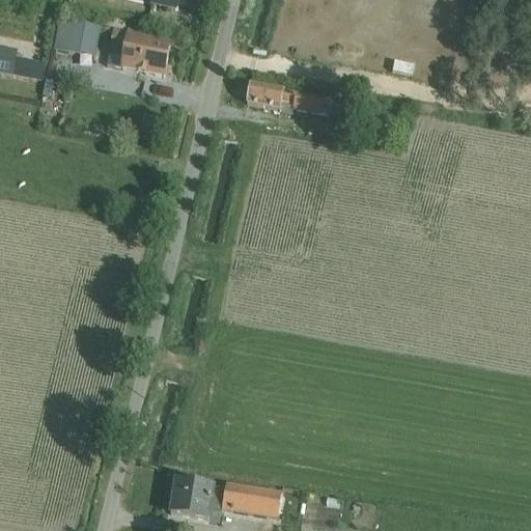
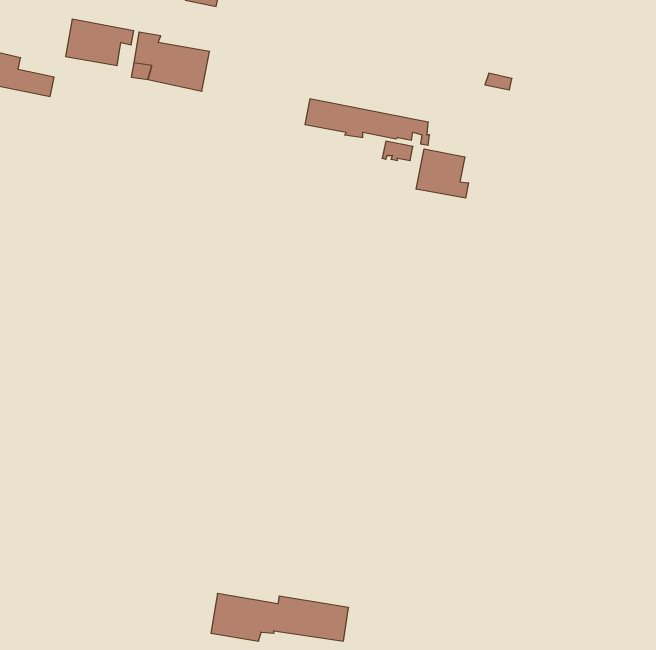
building: none -> [416,149,468,198]

